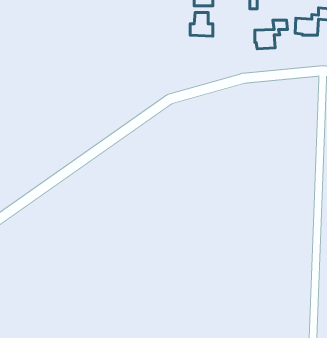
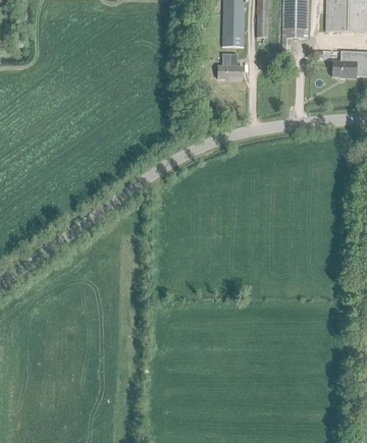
building: [255,20,288,49] -> none

